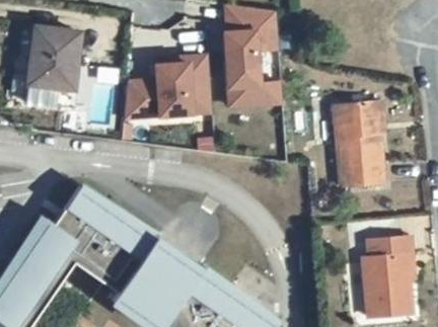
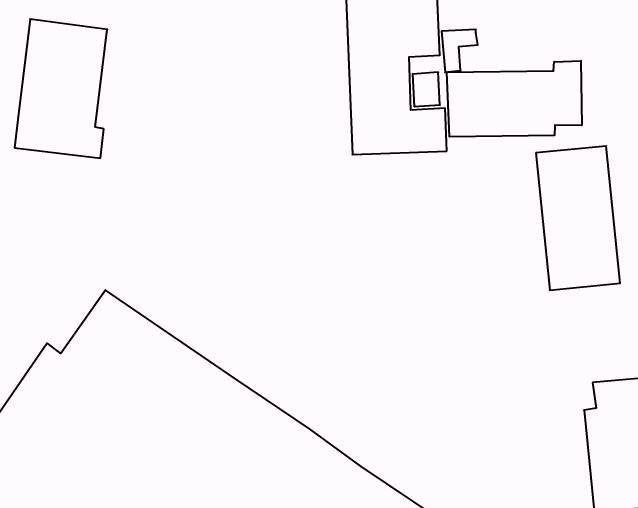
building: none -> [447,61,582,137]
building: [124,54,211,118] -> none

